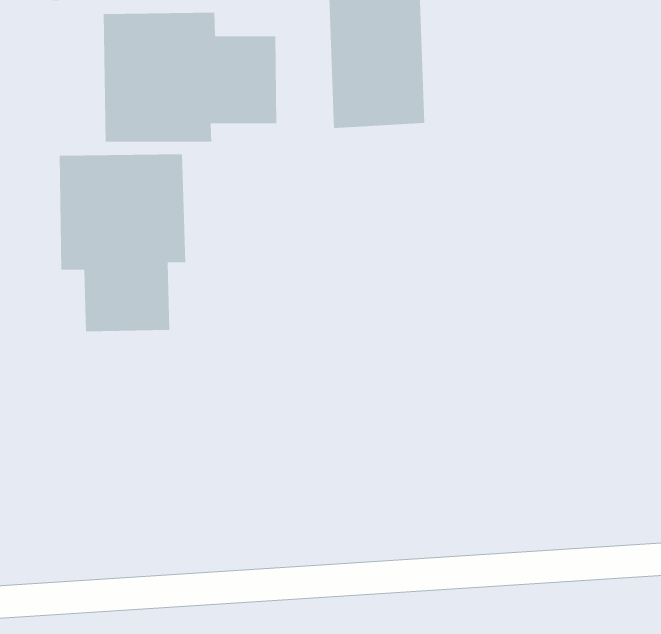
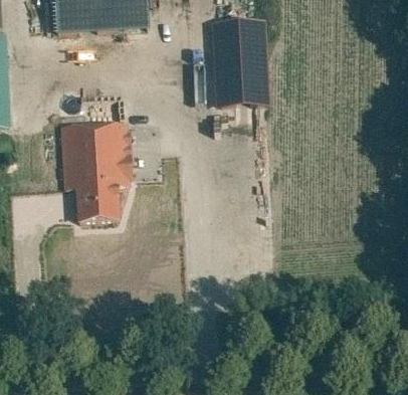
building: [103,12,277,143] -> none

